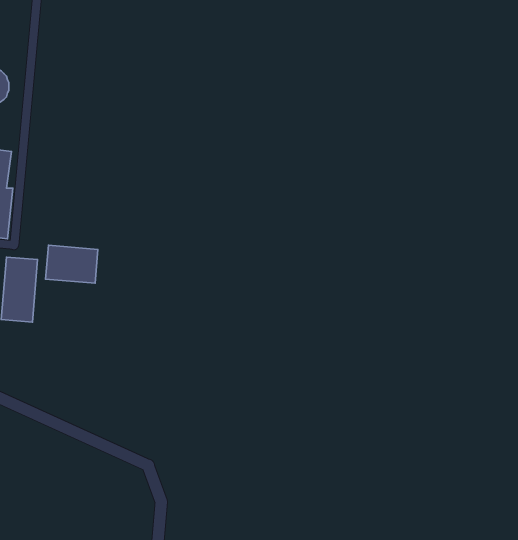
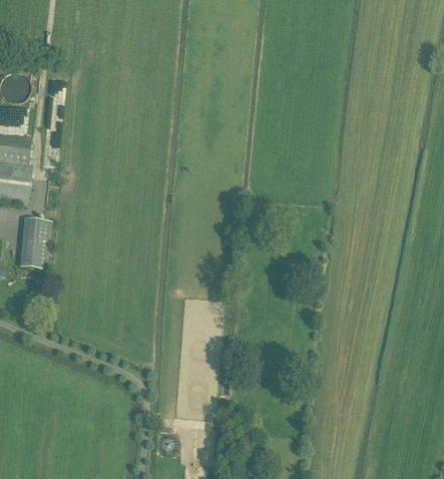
building: [46,245,98,283] -> none

